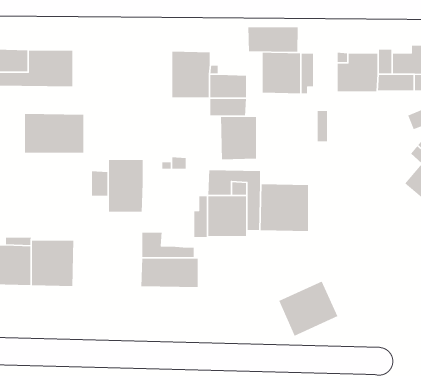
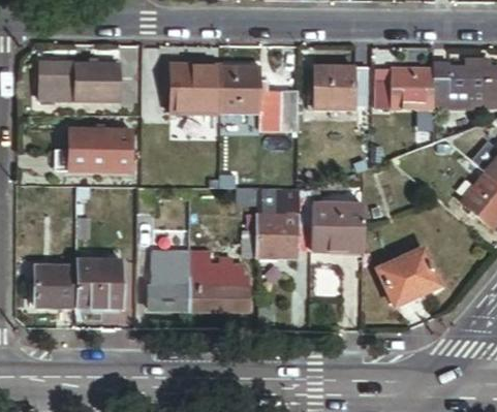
building: [248,26,298,53] -> none
building: none -> [172,65,221,114]
building: [220,116,257,160] -> none
building: [108,159,143,212] -> [154,253,190,308]
building: [278,280,338,337] -> [378,249,440,307]

